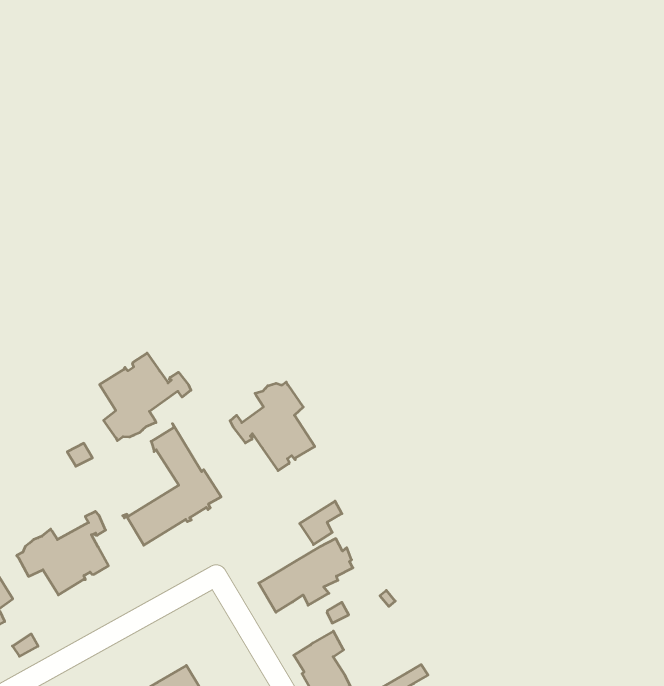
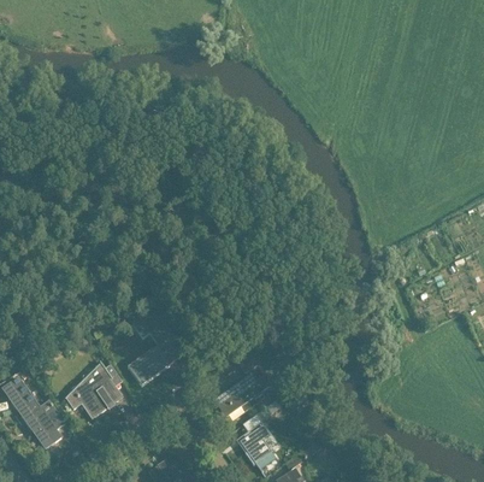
building: [100,353,191,441] -> none
building: [230,382,315,471] -> none

